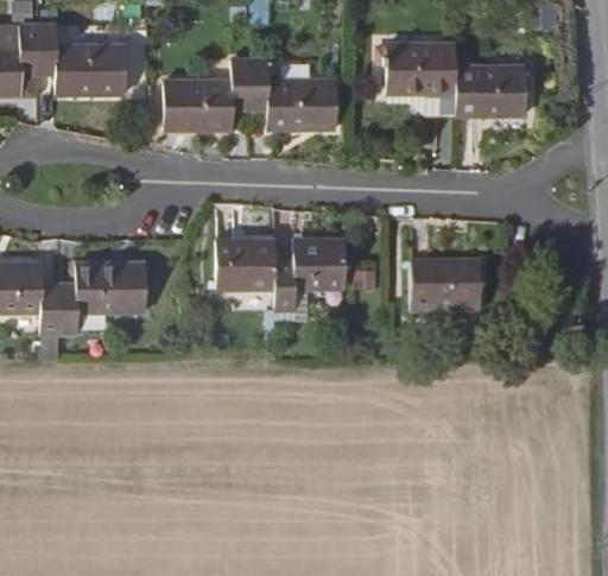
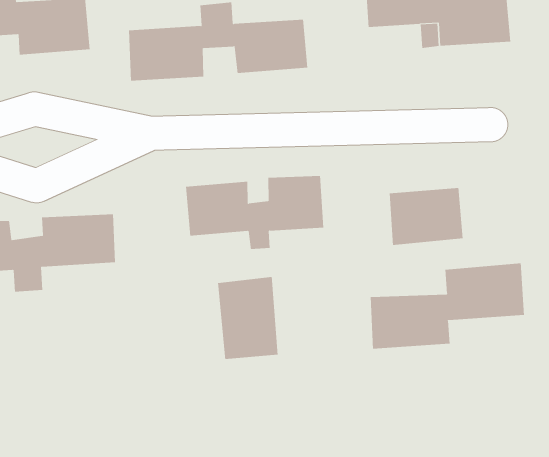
building: none -> [218,276,278,360]
building: none -> [370,263,525,350]

